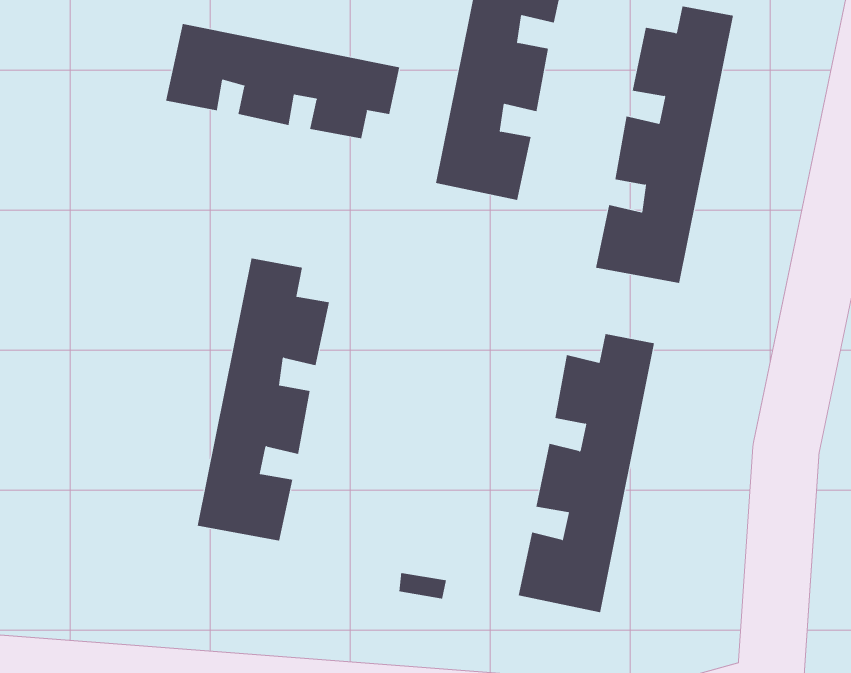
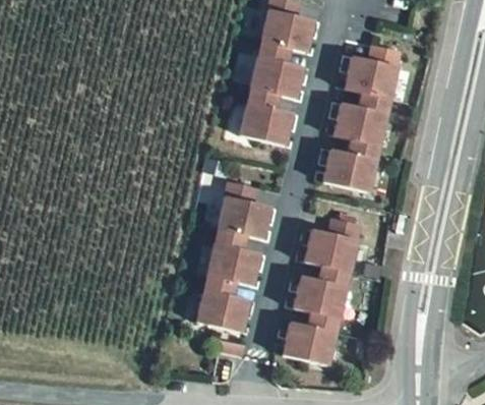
building: [165,23,400,139] -> none
building: [197,258,330,541] -> [198,182,268,332]

